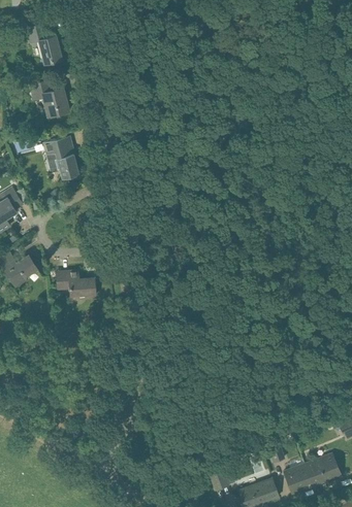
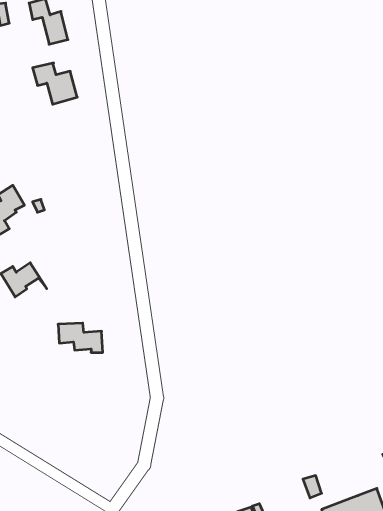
building: [43,137,78,178] -> none
building: [56,271,95,297] -> [58,323,103,352]

